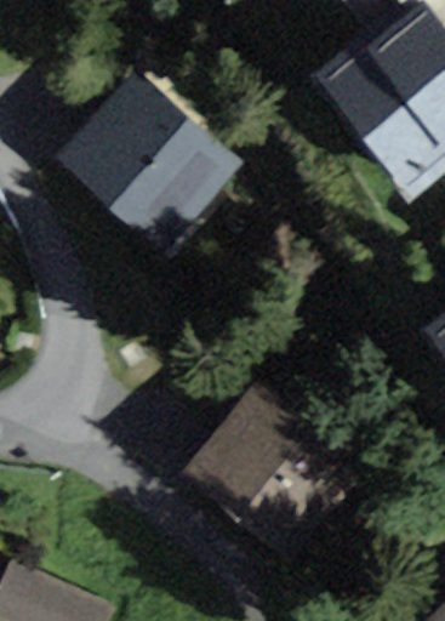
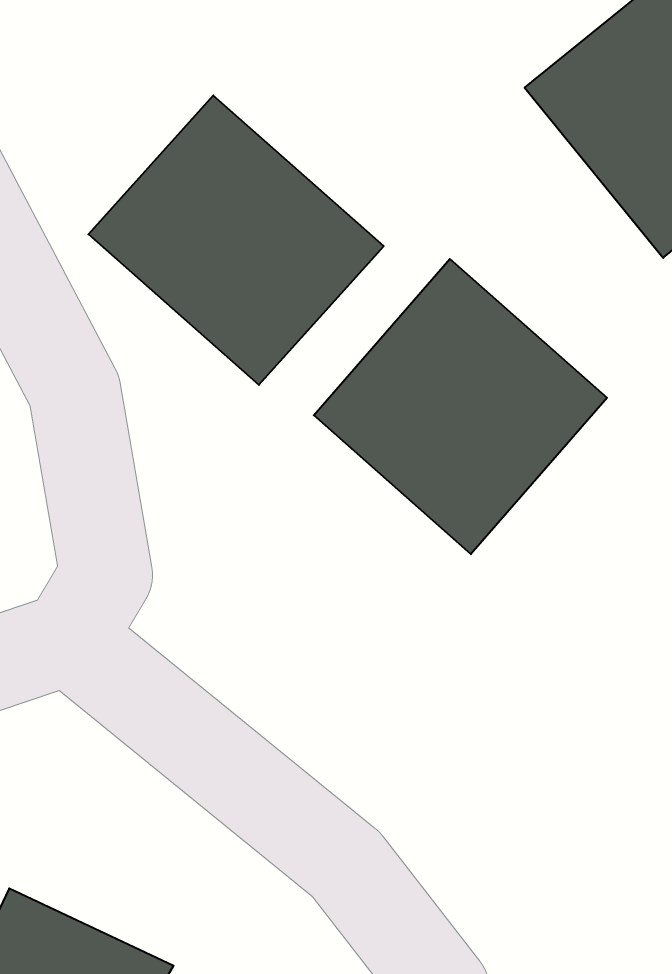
building: none -> [314,259,607,554]
building: [188,386,364,558] -> none

